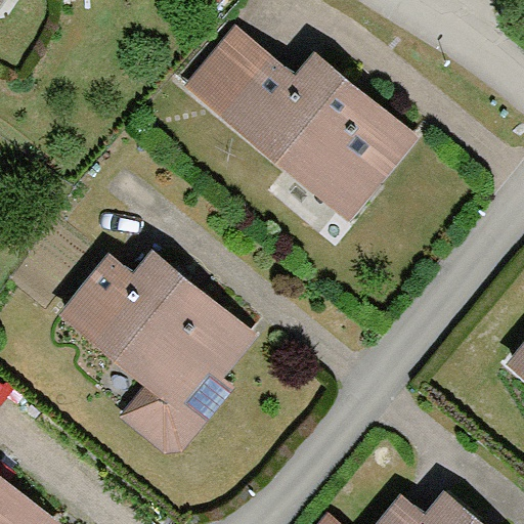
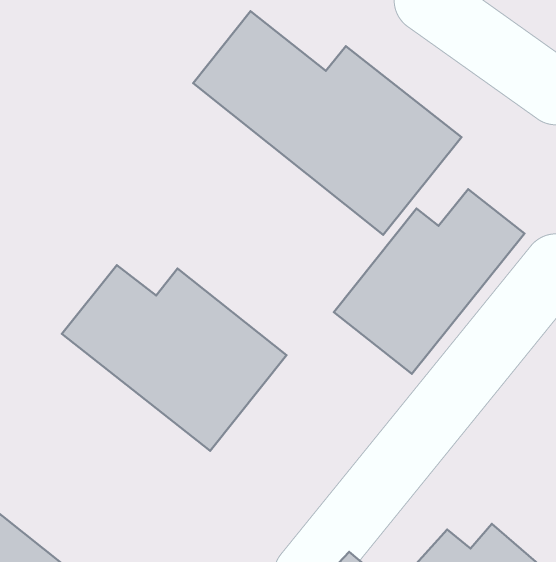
building: none -> [334,189,524,374]

